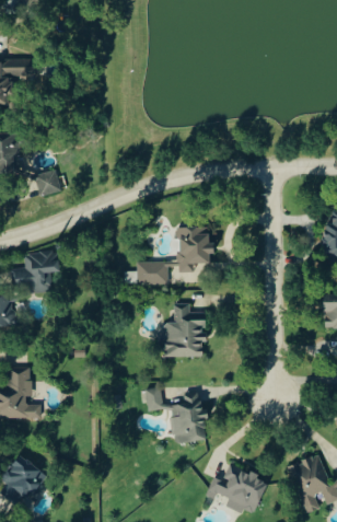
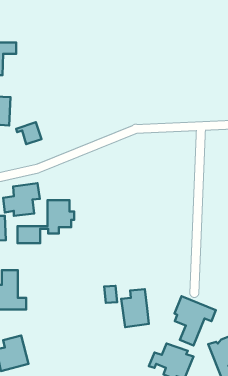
building: [138,227,214,285] -> [17,200,74,243]
building: [161,303,202,357] -> none
building: none -> [175,296,216,345]

